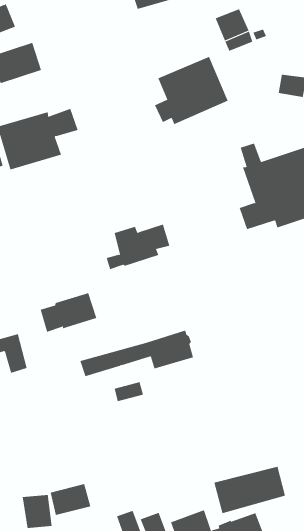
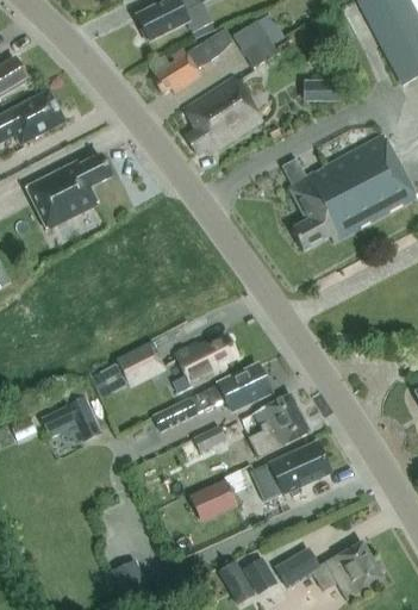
building: none -> [151,29,233,93]
building: [106,224,170,270] -> [173,335,237,392]
building: none -> [249,393,311,456]
building: [213,466,286,514] -> [254,441,331,500]
building: [50,484,91,515] -> [191,479,236,517]

